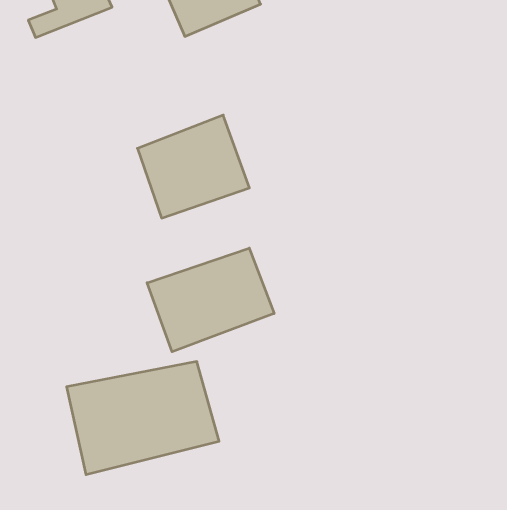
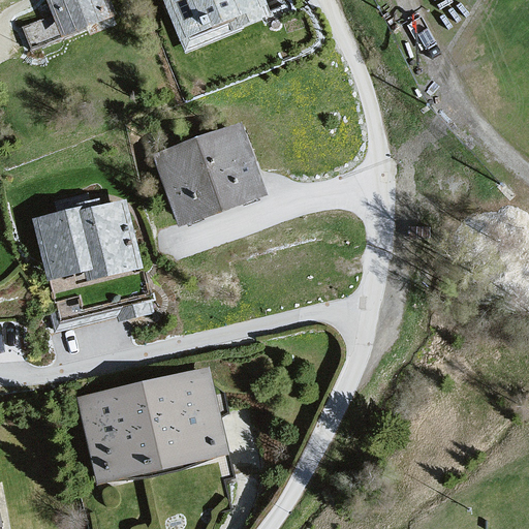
building: none -> [34,197,142,290]
building: [147,248,274,352] -> none

